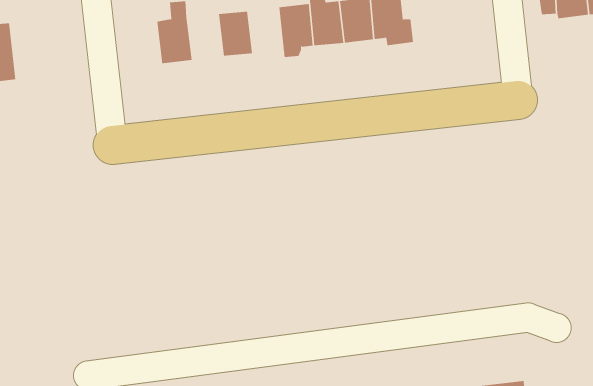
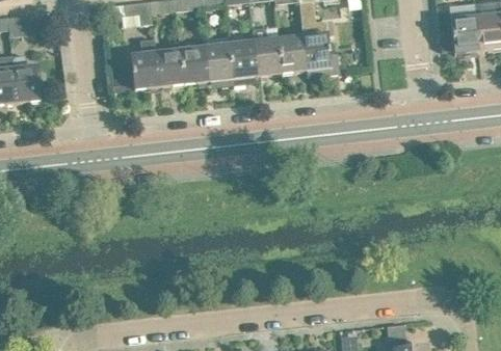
building: none -> [204,43,233,84]
building: none -> [155,48,184,85]
building: none -> [11,53,42,101]

